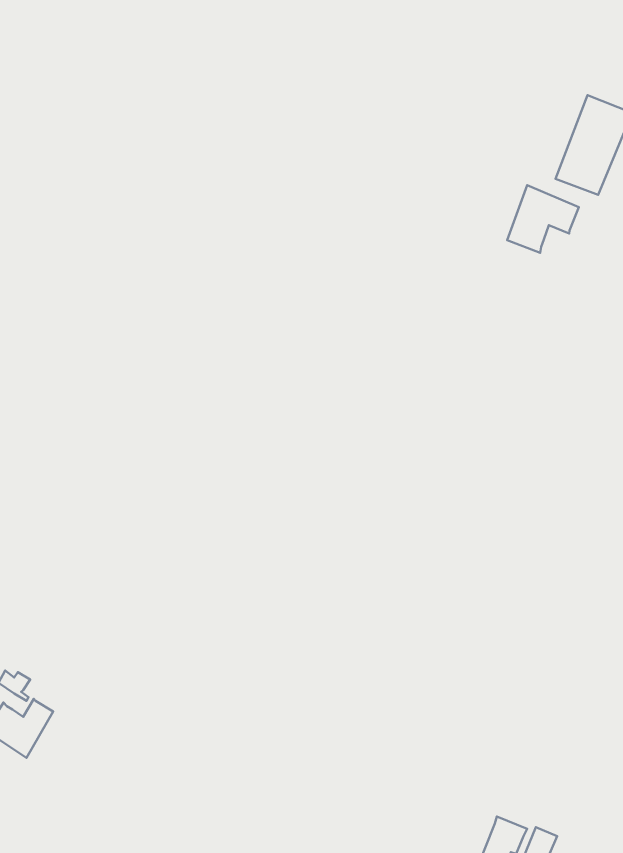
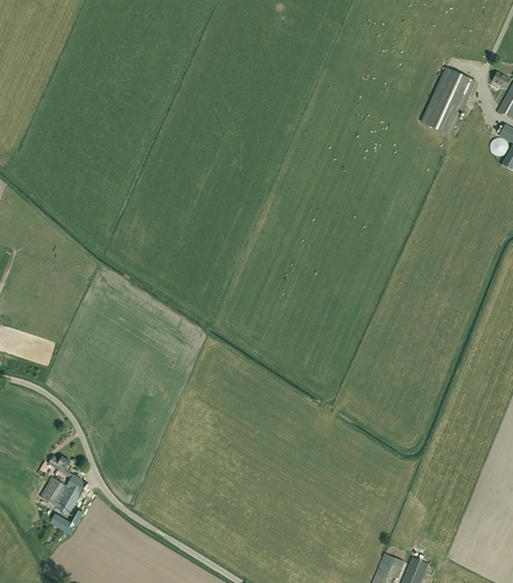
building: [507,185,579,253] -> none

